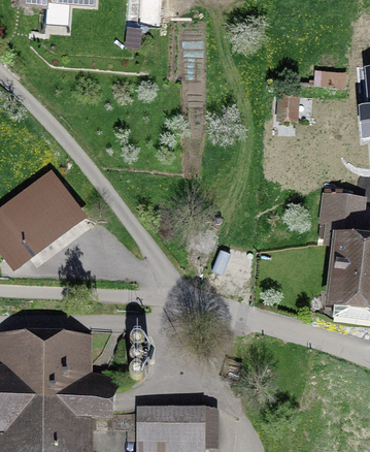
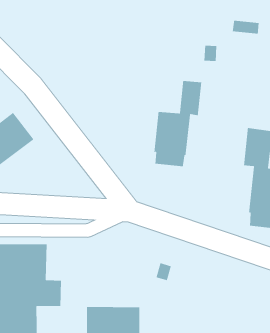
building: none -> [153,80,202,167]

